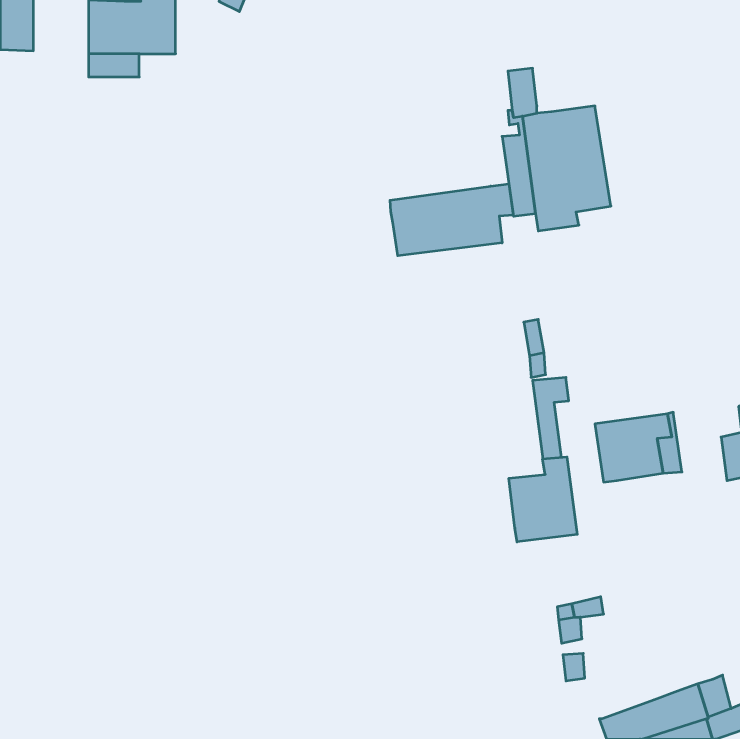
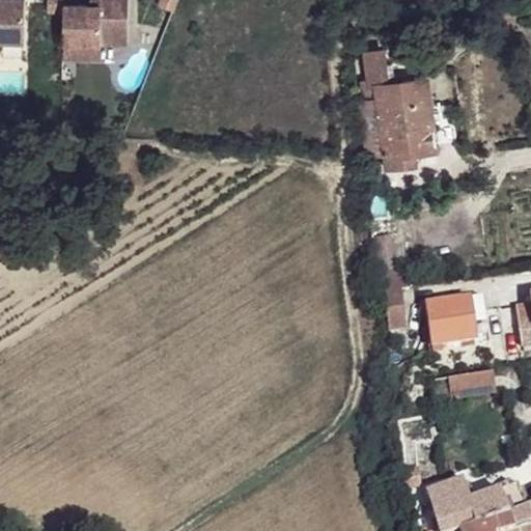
building: [390,184,513,256] -> none
building: [509,457,577,542] -> none
building: none -> [450,370,494,397]
building: none -> [423,480,469,513]

